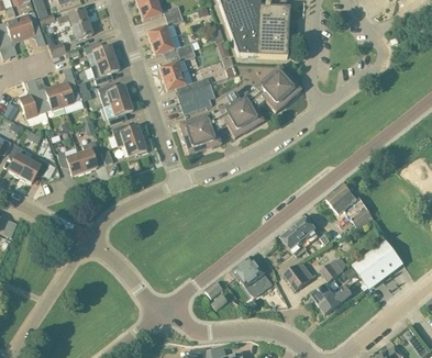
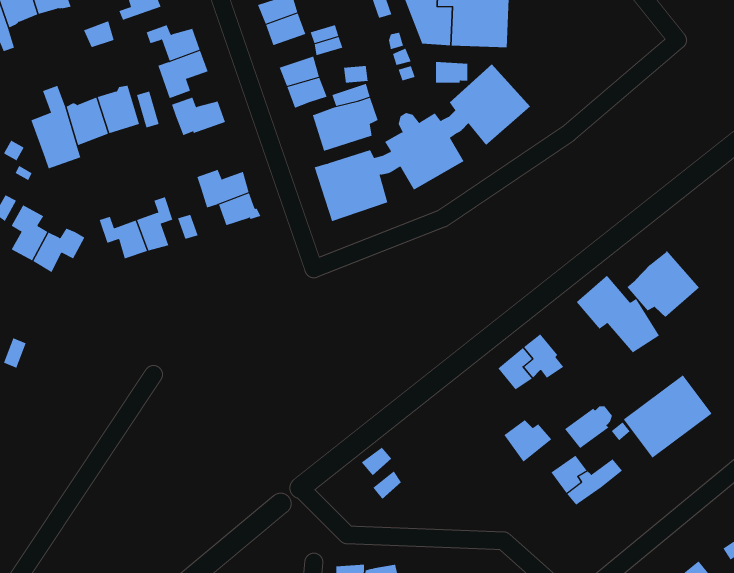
building: [103,98,133,125] -> none
building: none -> [627,250,700,318]
building: [231,255,272,295] -> none

